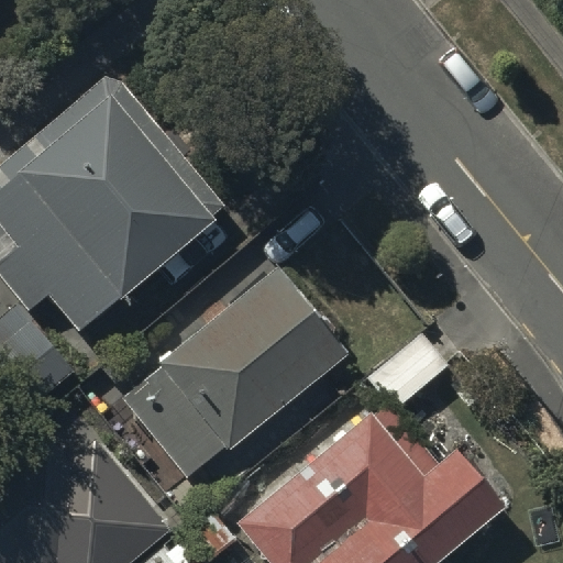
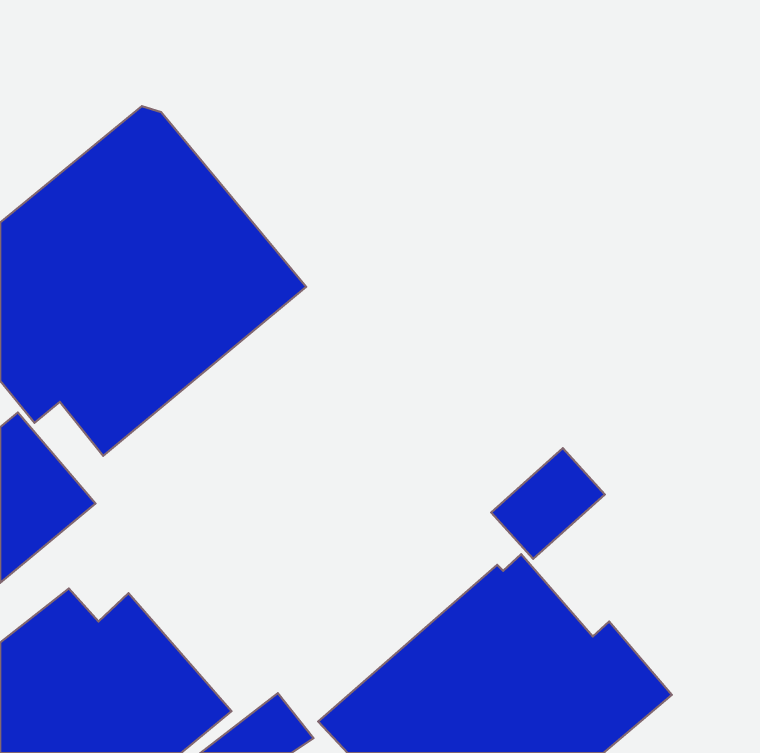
building: [119,268,346,481] -> none

